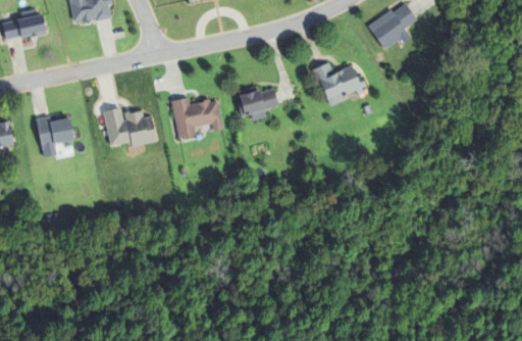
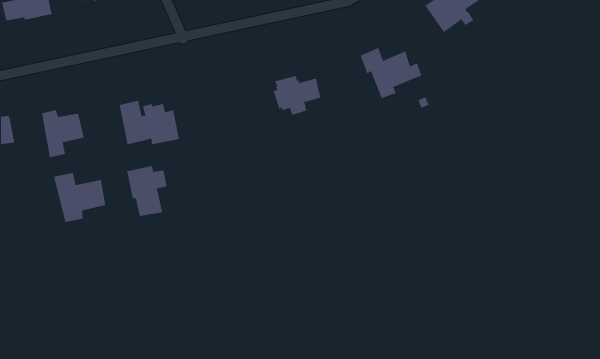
building: [171,97,223,138] -> none
building: none -> [126,165,167,217]
building: none -> [54,172,106,223]

